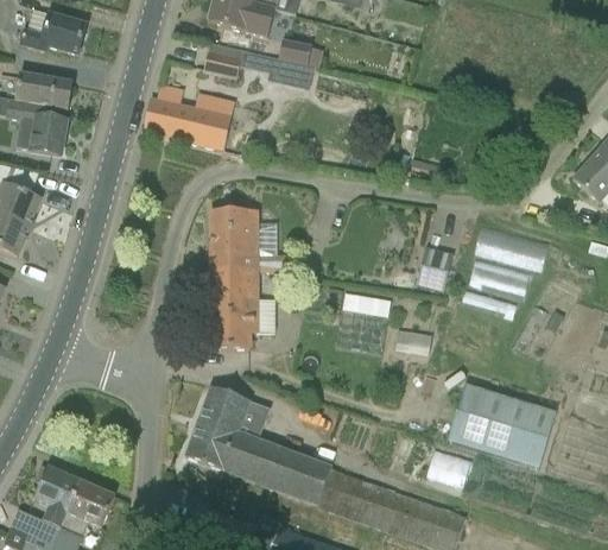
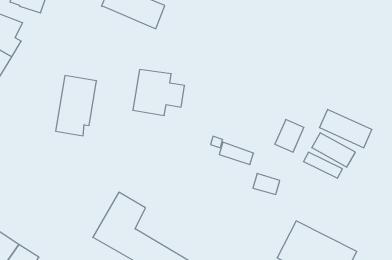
building: [211,267,256,347] -> [56,76,97,136]

